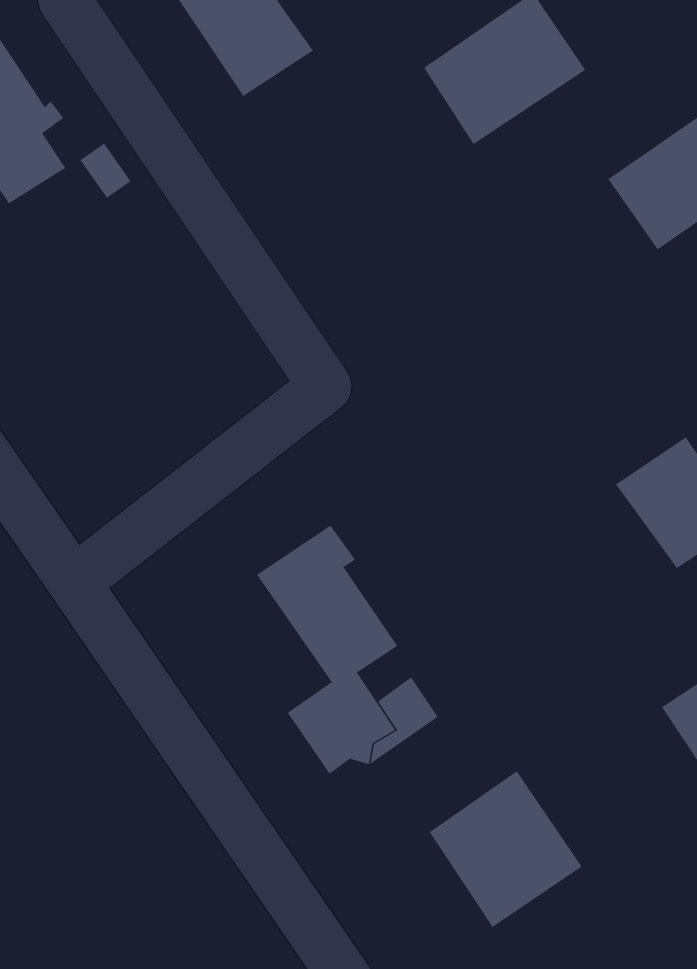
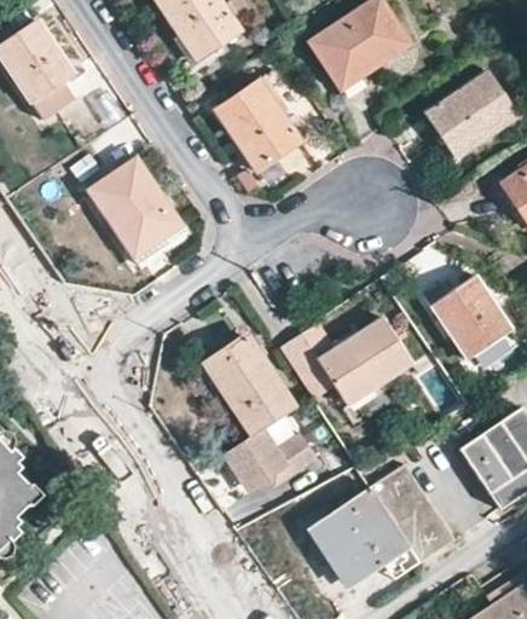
building: none -> [213,79,301,173]
building: none -> [83,154,183,259]
building: none -> [314,317,412,406]
building: none -> [367,463,454,563]

